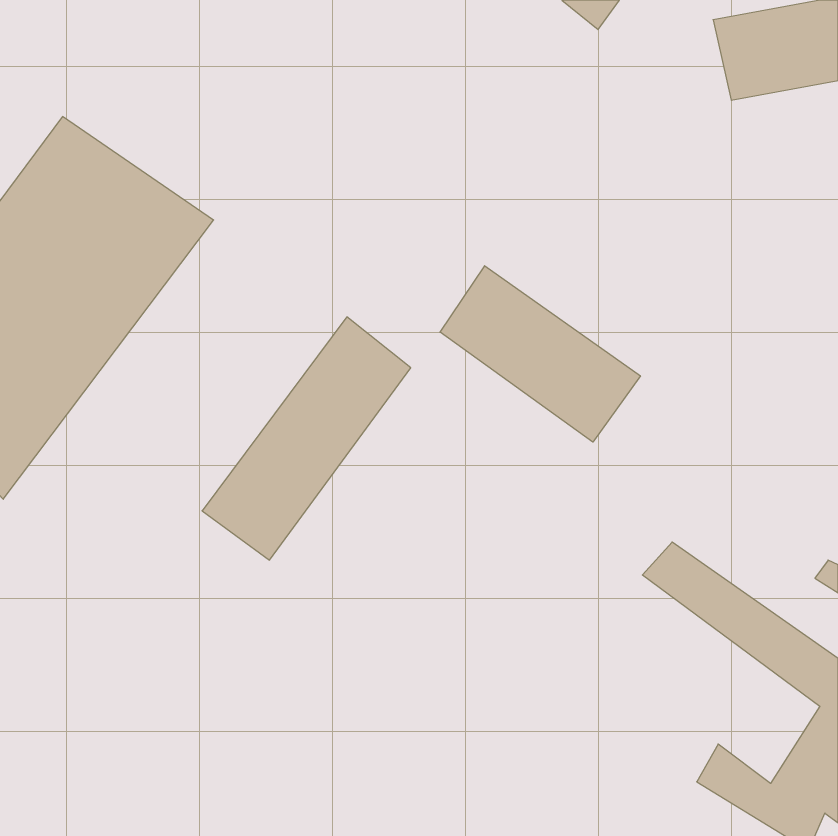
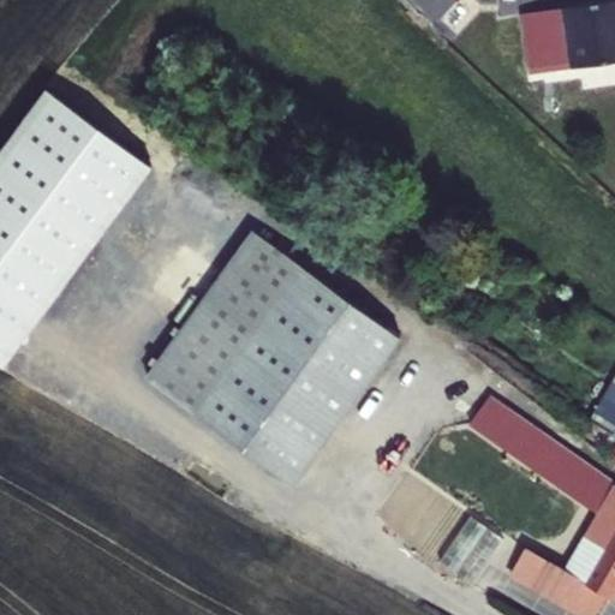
building: [440,266,640,442] -> none
building: none -> [197,271,396,486]

